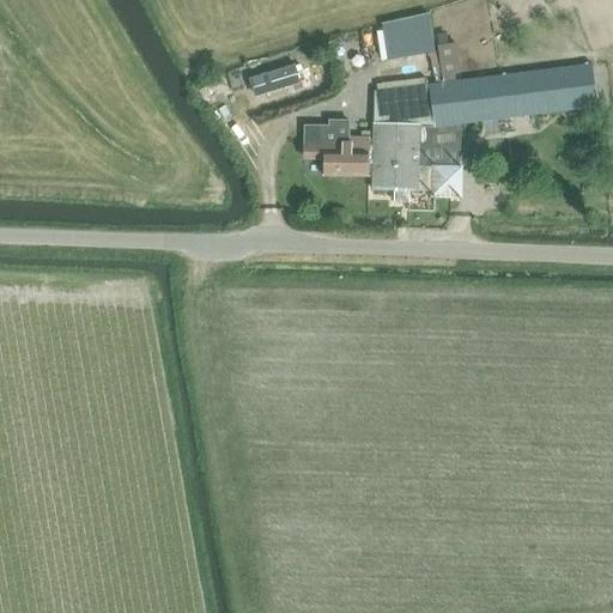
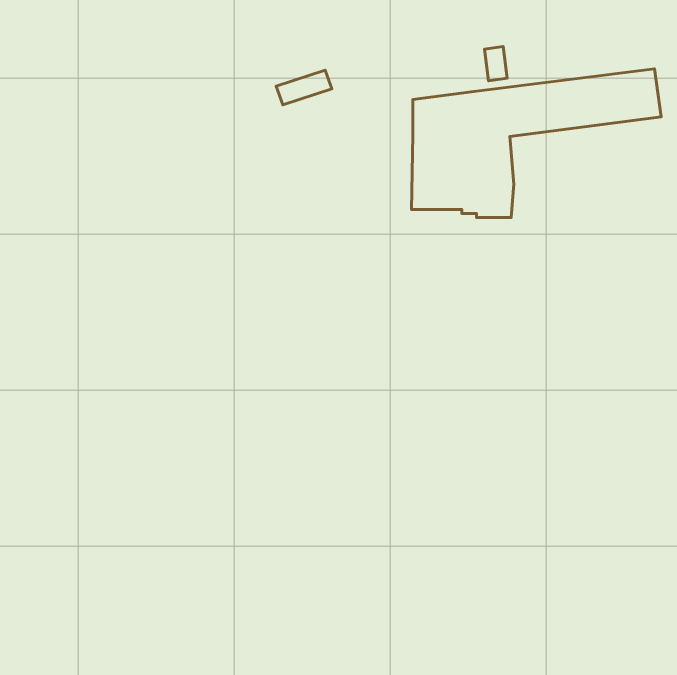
building: [381,12,432,56] -> none
building: [302,121,368,175] -> none

